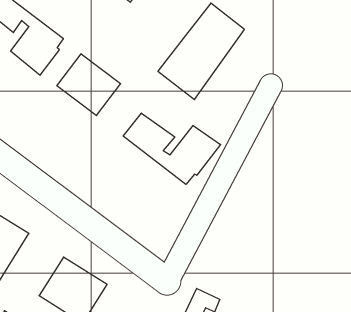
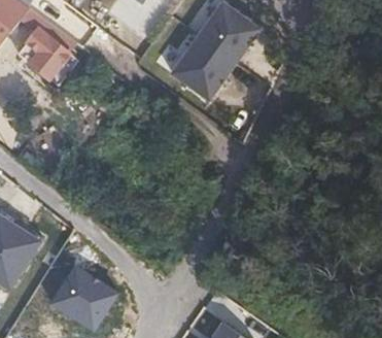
building: [57,54,121,116] -> none
building: [123,113,221,184] -> none

